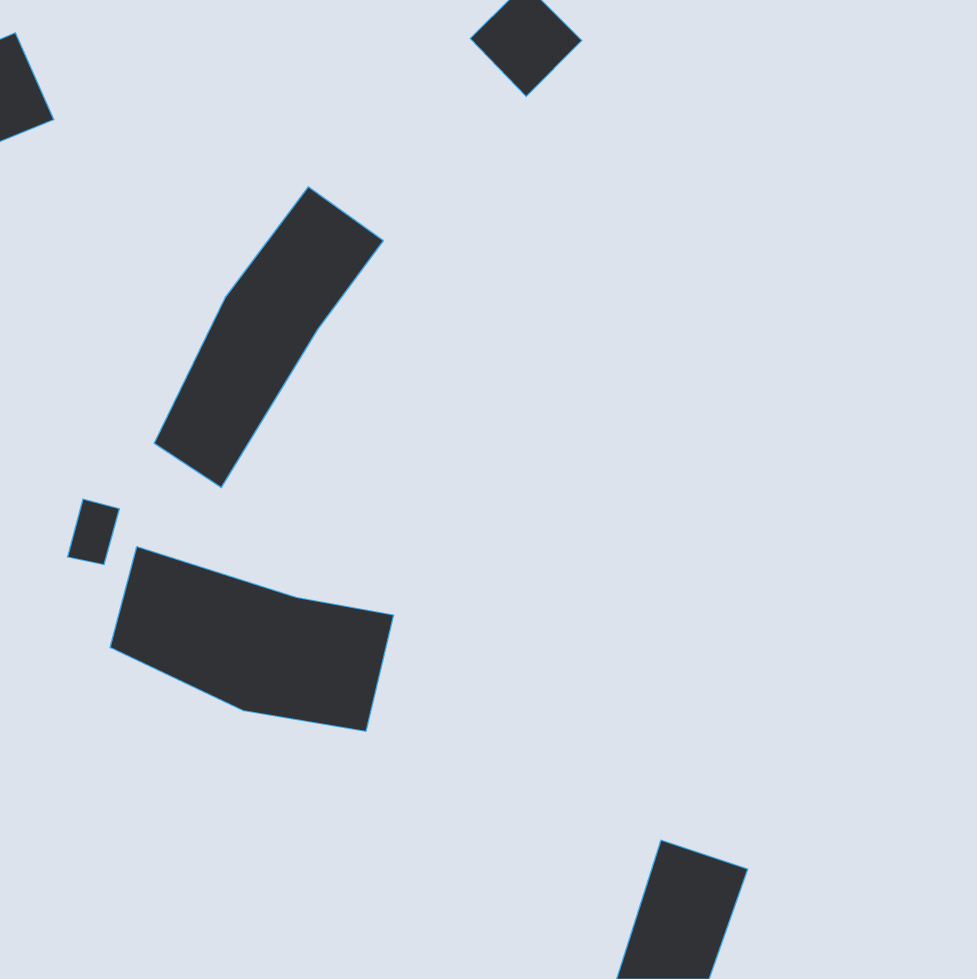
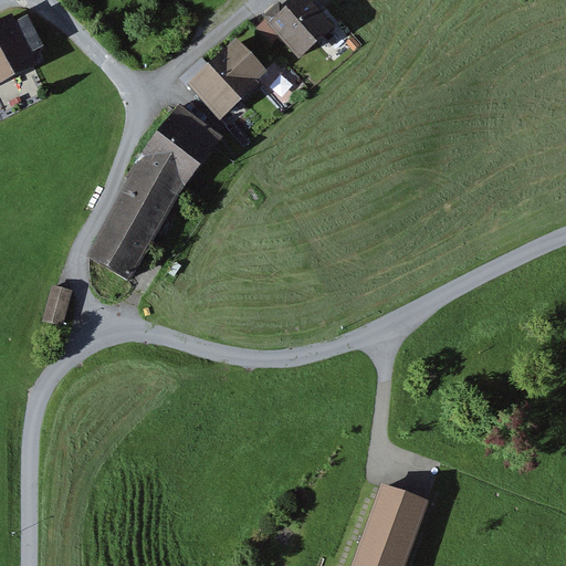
building: none -> [188,39,269,118]
building: [110,547,393,731] -> none

